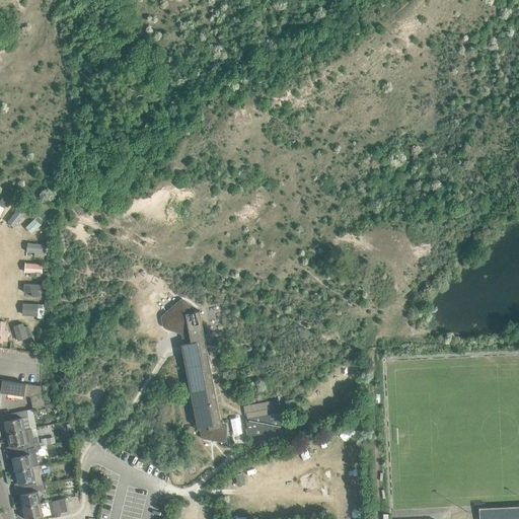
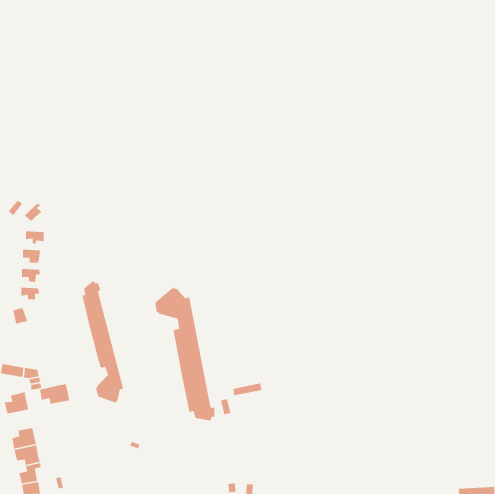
building: none -> [81,280,124,403]
building: [245,416,283,437] -> none
building: [7,429,40,451] -> [39,383,70,405]

